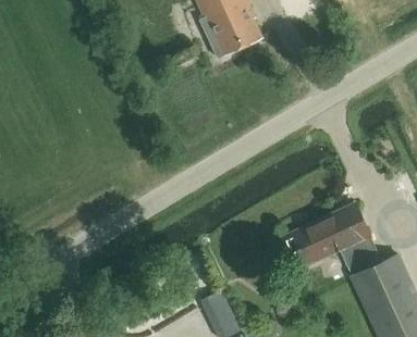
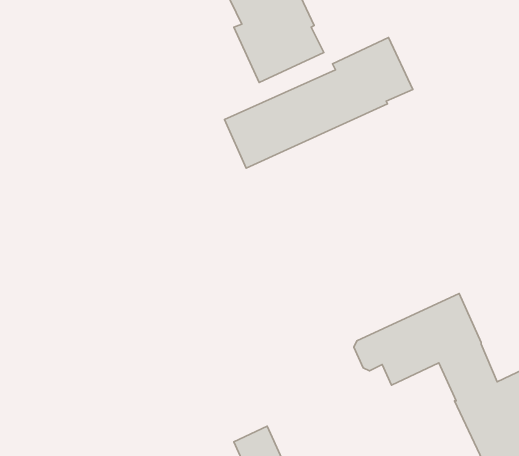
building: none -> [224,37,413,168]

